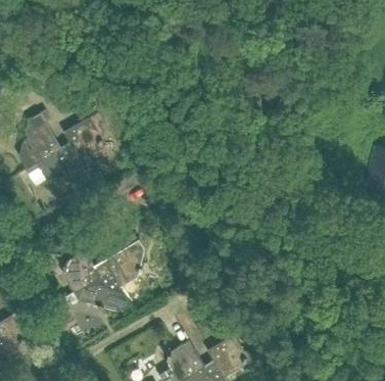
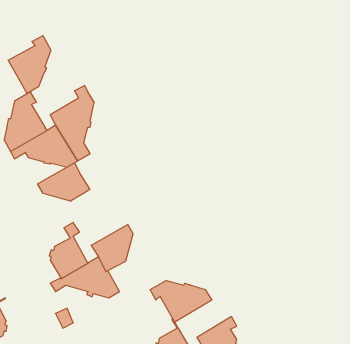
building: none -> [8,36,51,94]
building: none -> [38,163,90,201]
building: none -> [150,280,212,322]

